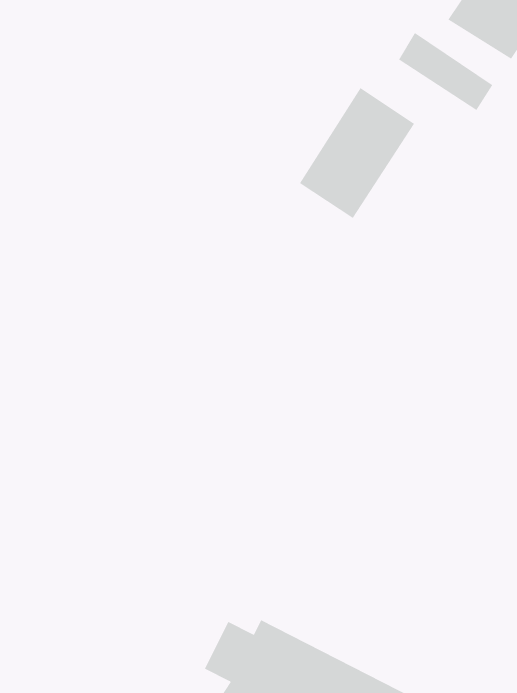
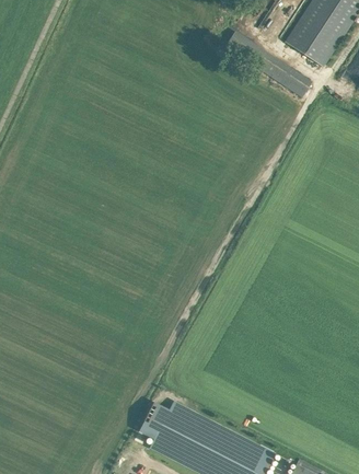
building: [299,87,415,219] -> none

